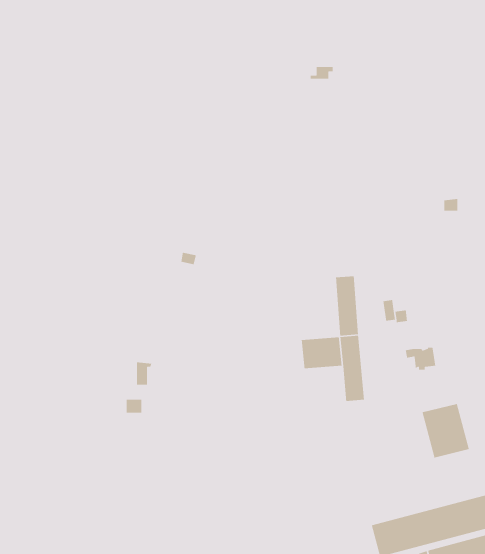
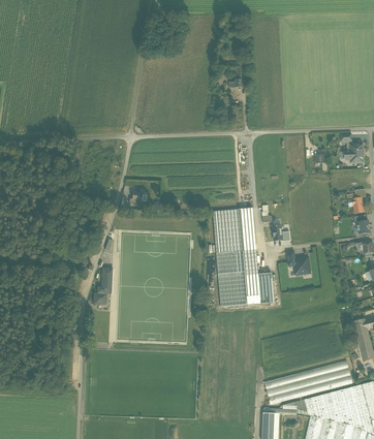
building: none -> [213,209,243,252]
building: none -> [218,271,247,305]
building: [421,403,470,458] -> none

